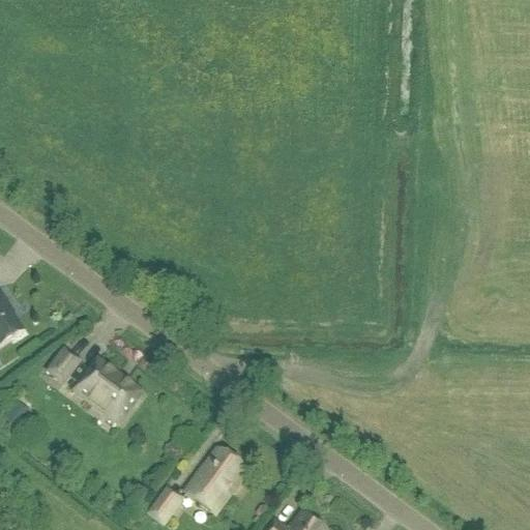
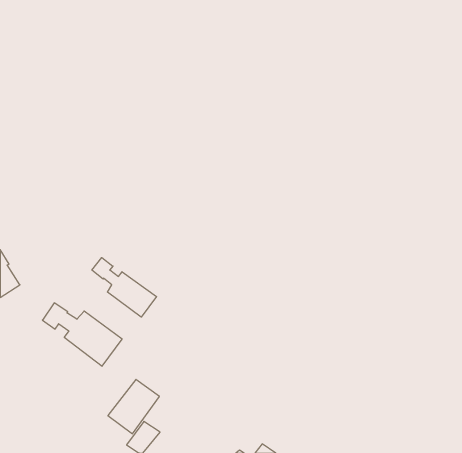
building: none -> [92,258,157,317]
building: [185,446,244,508] -> [108,379,159,434]

